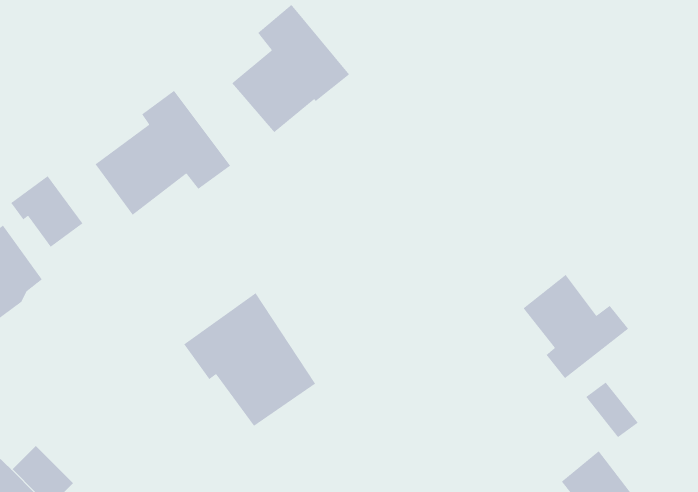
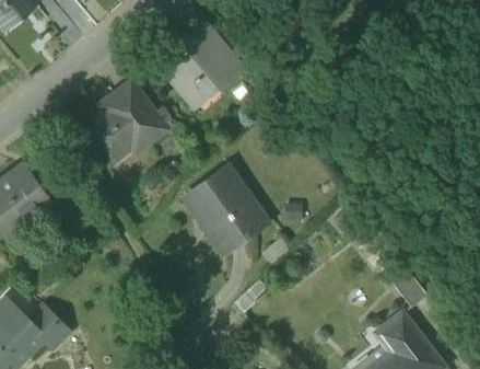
building: [10,175,84,248] -> none
building: [523,274,629,379] -> none
building: [183,292,316,427] -> [183,163,267,249]

